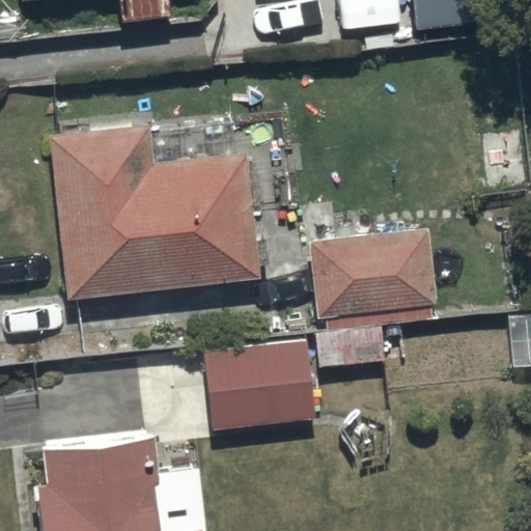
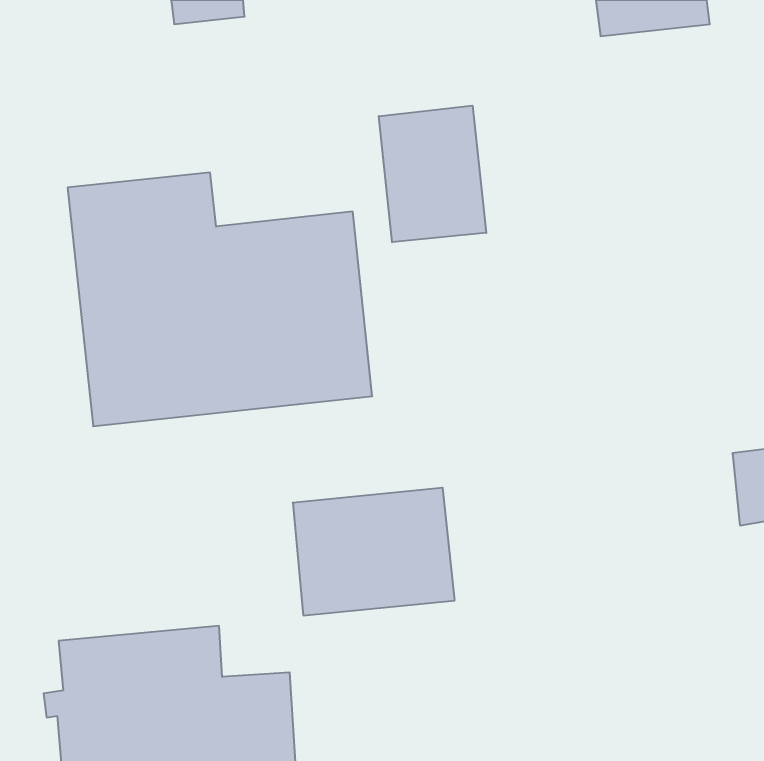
building: none -> [379,106,486,242]
building: [310,230,437,367] -> none

